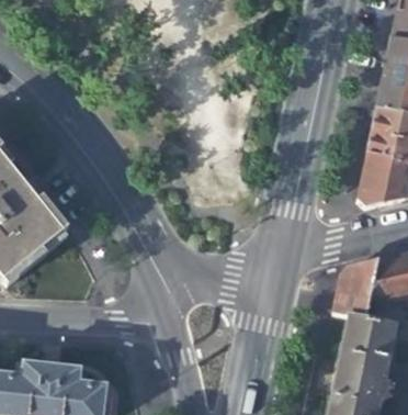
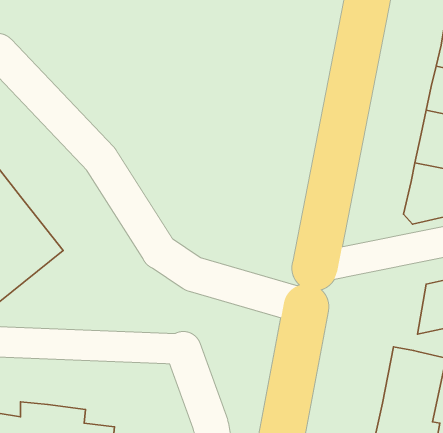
building: [335,259,378,317] -> none

